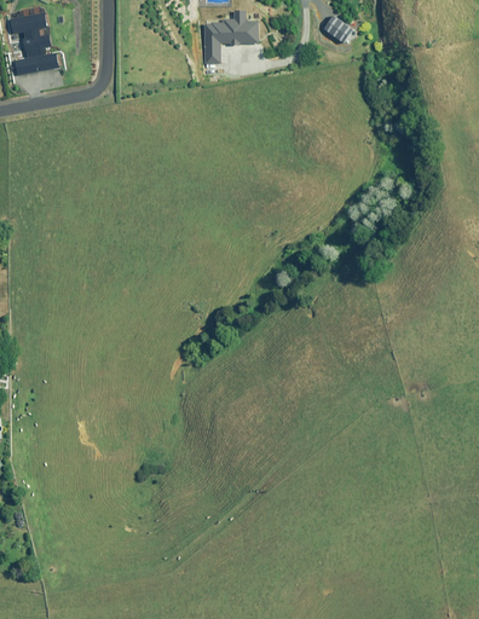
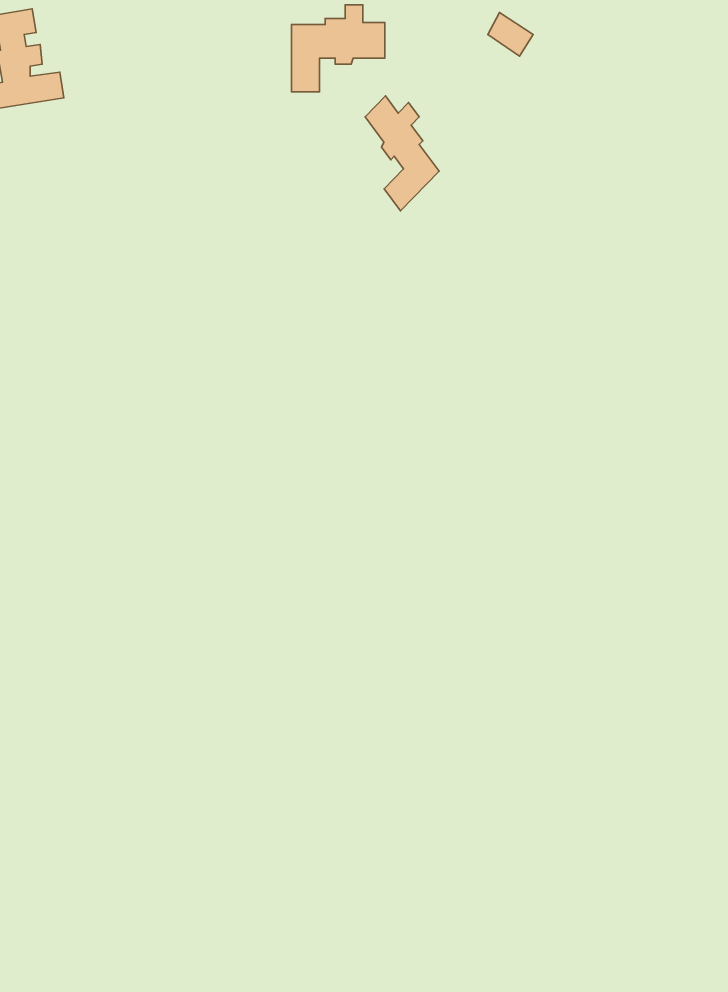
building: none -> [365,96,439,211]

